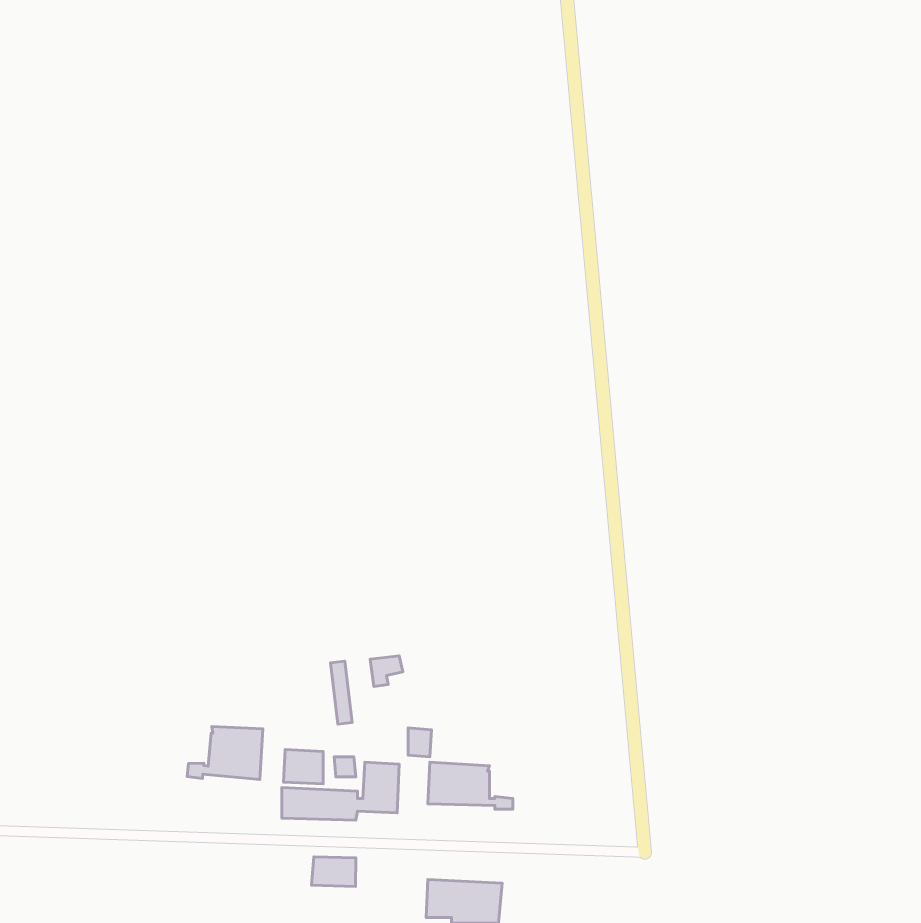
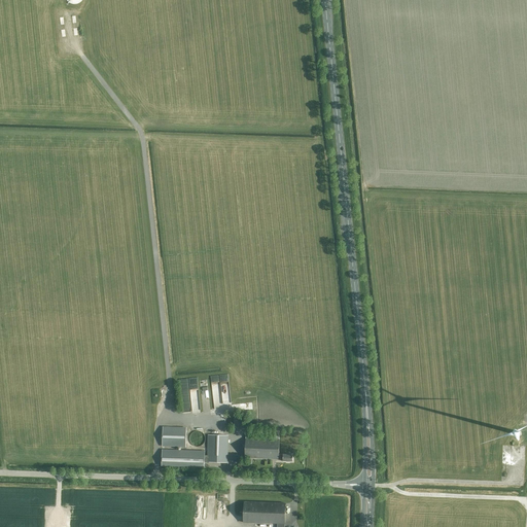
building: [187,726,263,780] -> none
building: [311,857,356,886] -> none

